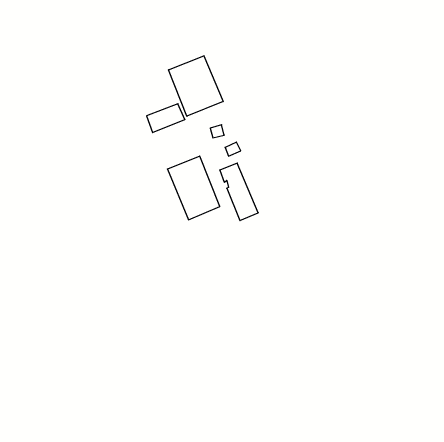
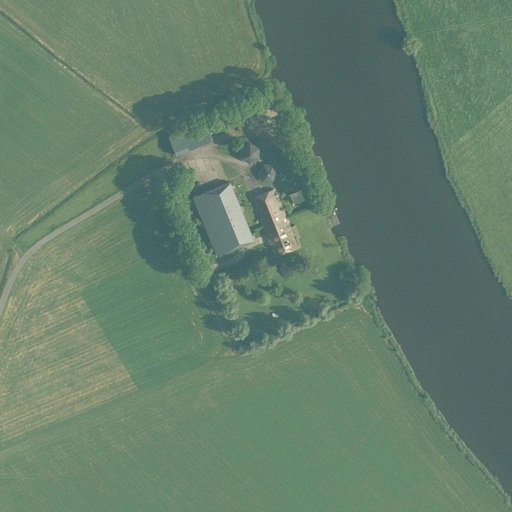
building: [169,56,223,116] -> none

